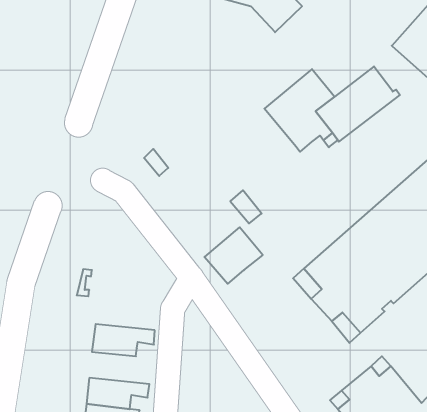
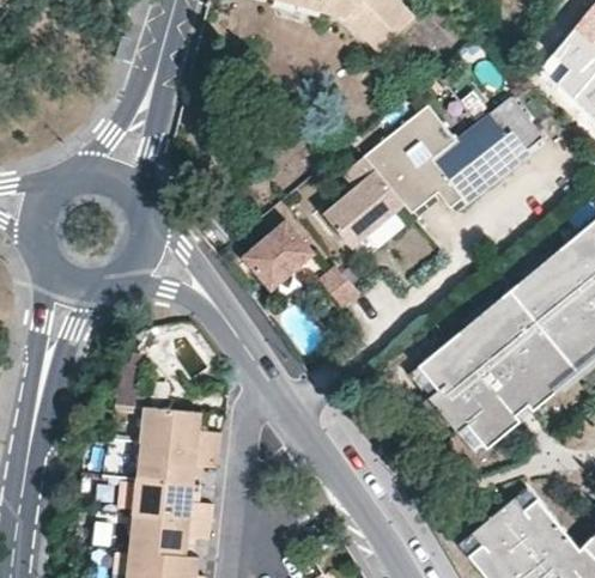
building: none -> [326,154,408,248]
building: [204,227,263,284] -> [243,215,321,291]
building: none -> [141,406,223,450]
building: none -> [133,479,214,522]

